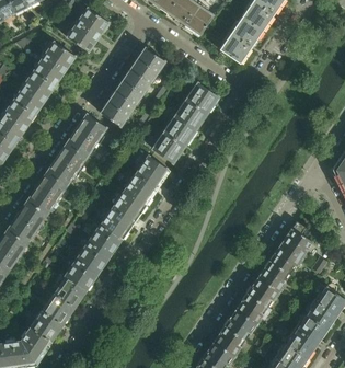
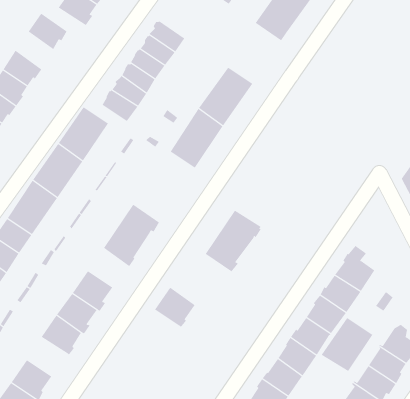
building: [34,56,64,85] -> none
building: [125,156,169,204] -> [205,210,262,272]
building: [90,223,122,255] -> [154,287,195,328]
building: none -> [321,317,373,372]
building: [43,292,74,324] -> none

